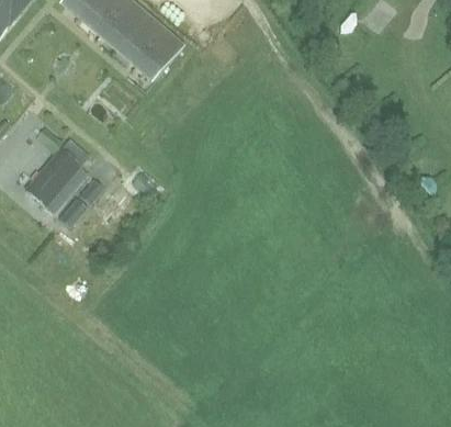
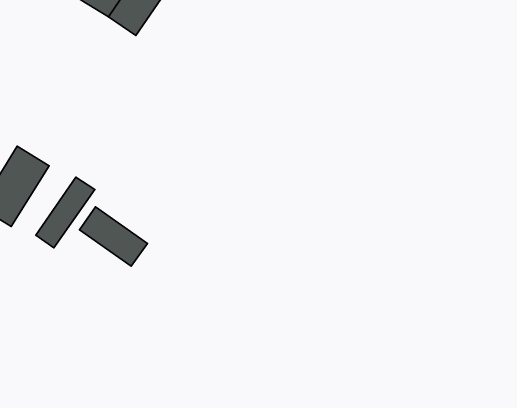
building: none -> [79,207,147,266]

